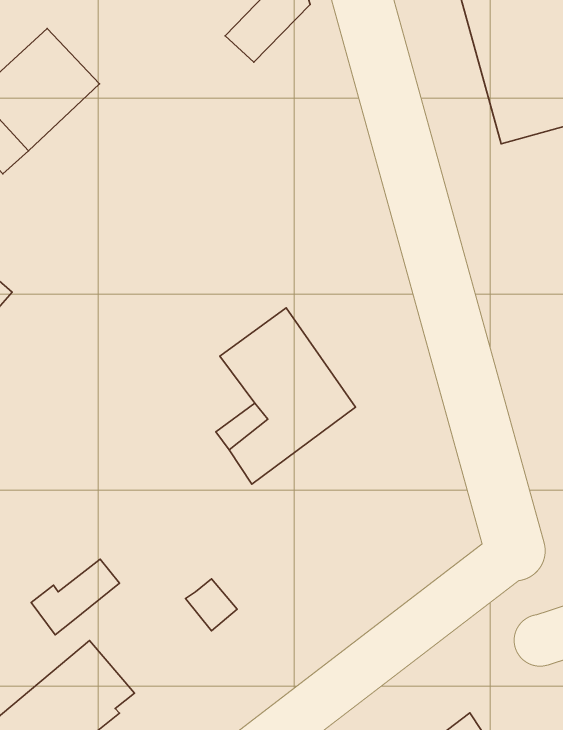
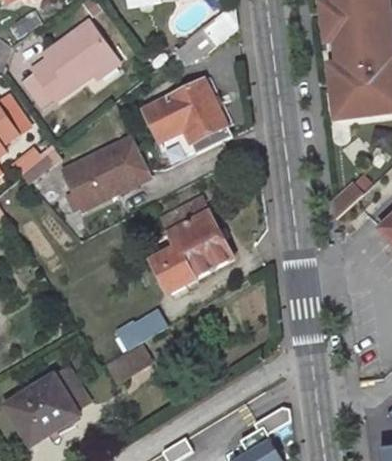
building: none -> [143,79,232,152]
building: none -> [62,133,148,211]
building: [31,559,120,635] -> [118,309,169,348]

